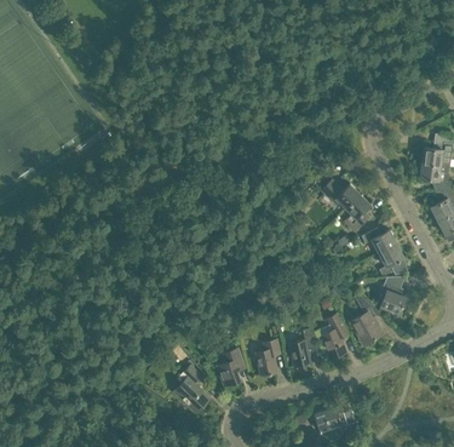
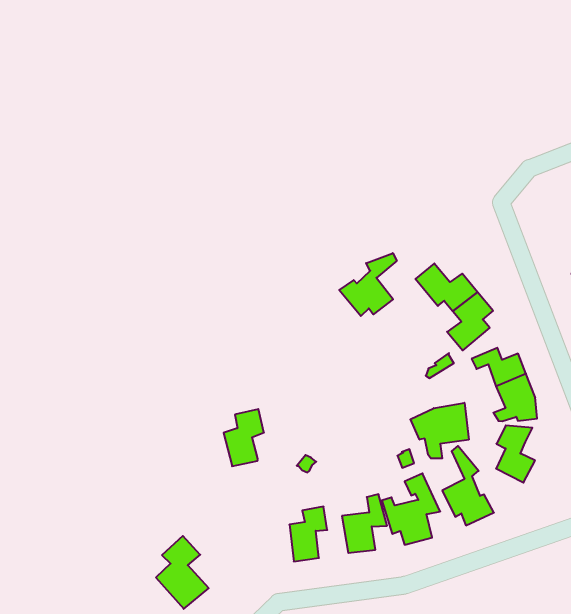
building: none -> [339,253,397,316]
building: none -> [410,403,469,458]
building: [217,349,242,386] -> [224,409,264,466]

